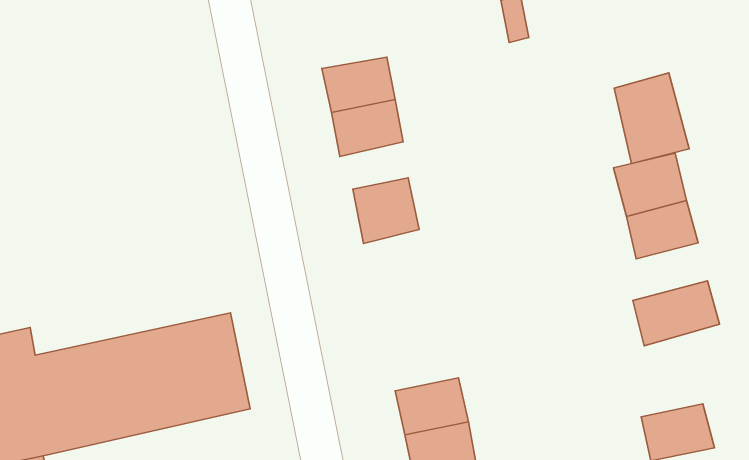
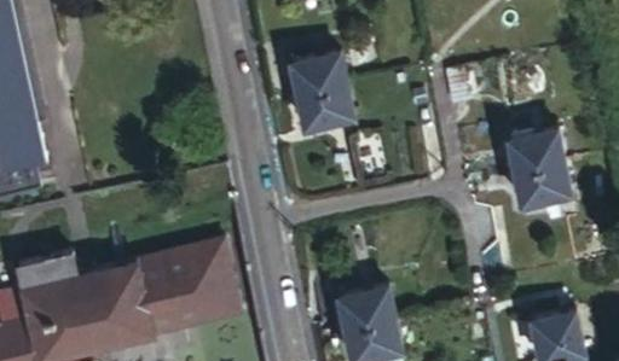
building: [614,73,689,163] -> none
building: [353,178,419,243] -> none
building: [633,281,719,346] -> none

